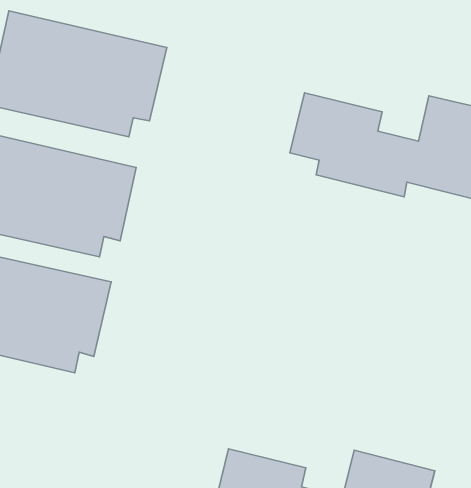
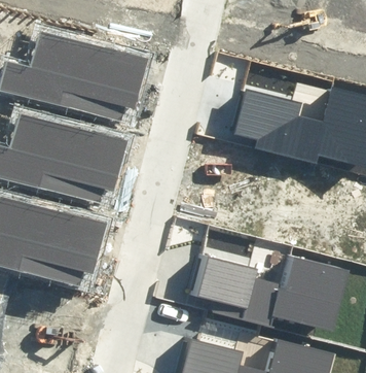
building: none -> [193,255,349,331]

